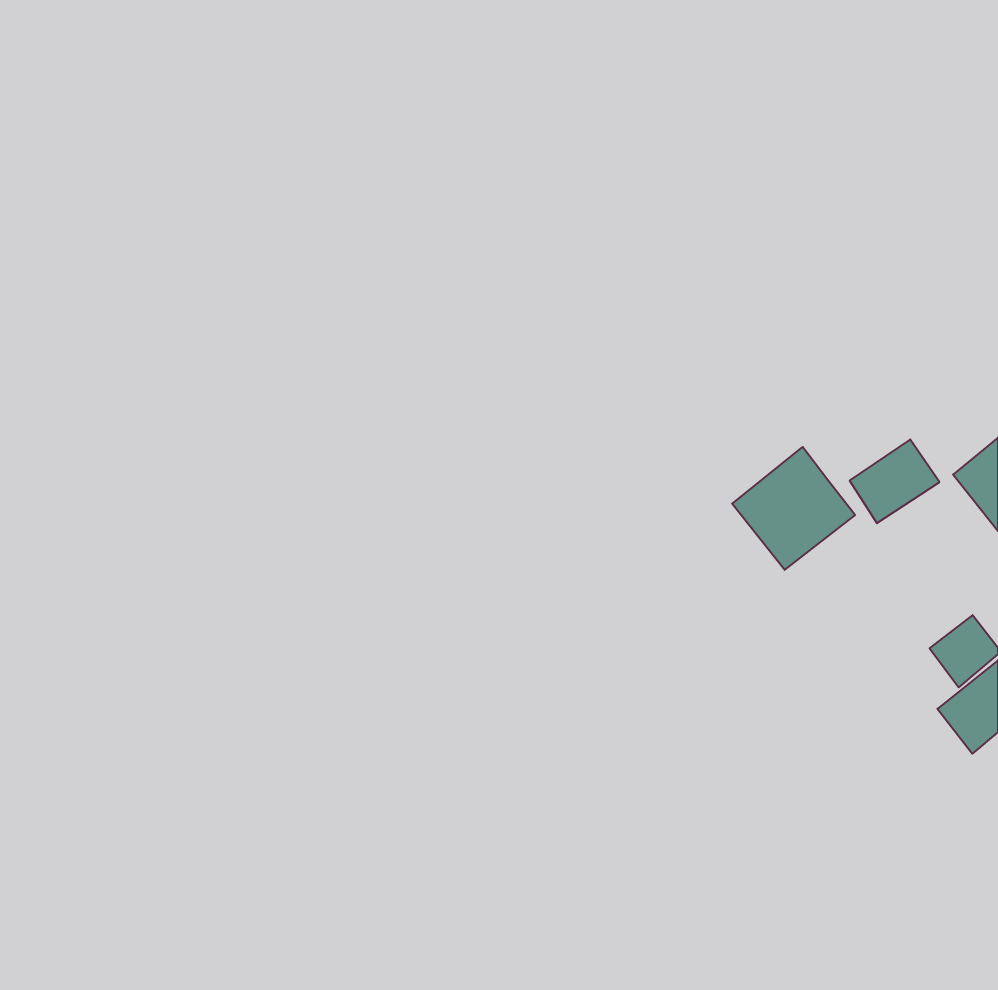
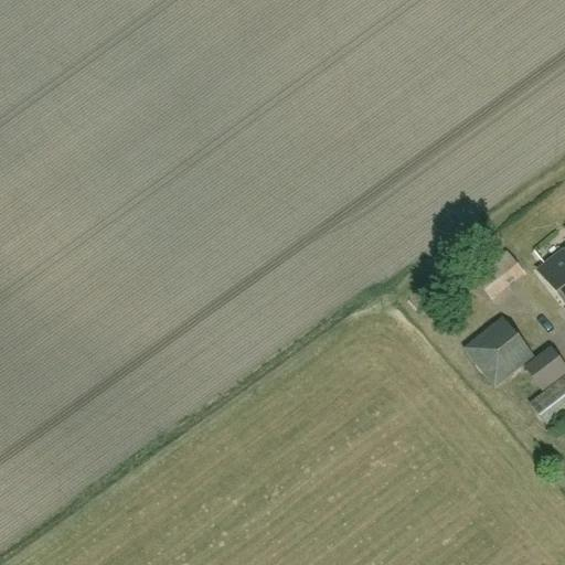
building: [732,447,855,570] -> [465,316,534,385]

